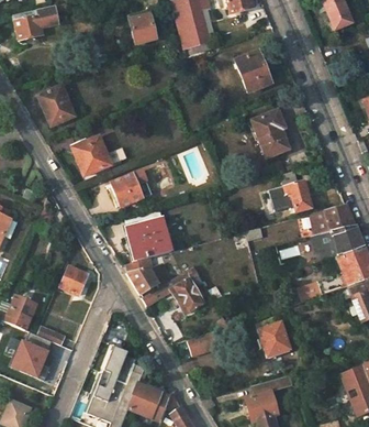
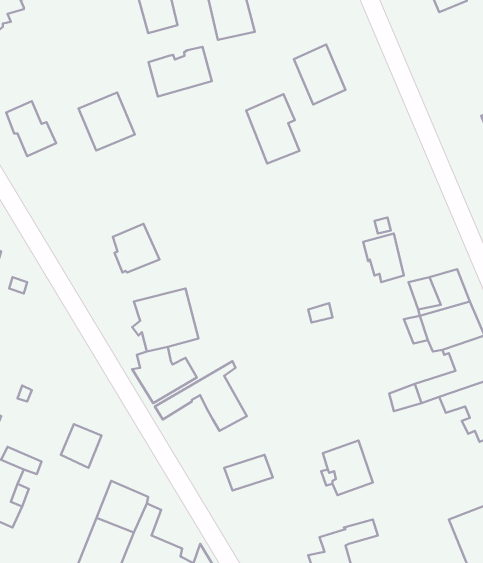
building: none -> [149,47,212,97]
building: [251,109,288,156] -> [246,94,300,164]
building: [72,136,111,176] -> [78,92,135,151]
building: [59,265,87,295] -> [61,424,101,468]

